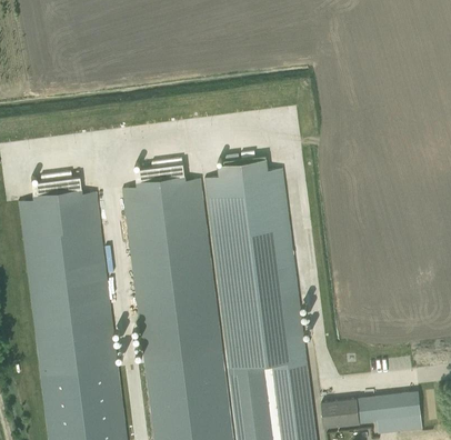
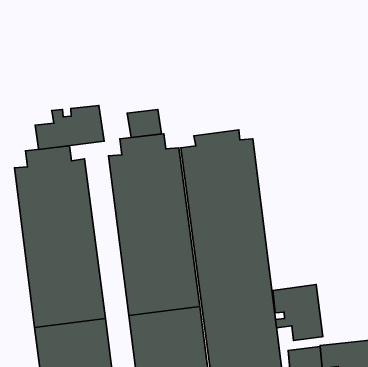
building: none -> [35,105,104,149]
building: none -> [127,109,162,138]
building: none -> [273,285,323,341]

